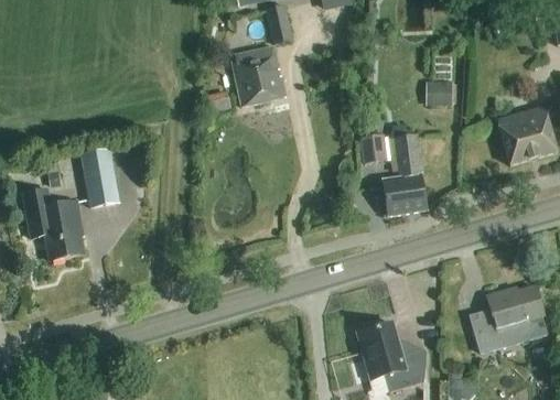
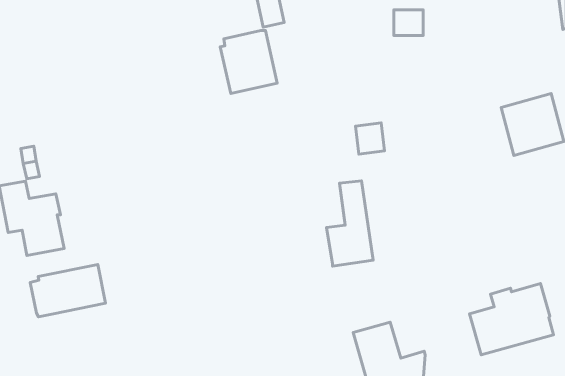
building: [426,80,453,105] -> [394,10,423,36]
building: [384,134,428,215] -> [327,181,373,266]
building: [78,149,120,208] -> none
building: none -> [30,265,106,317]

